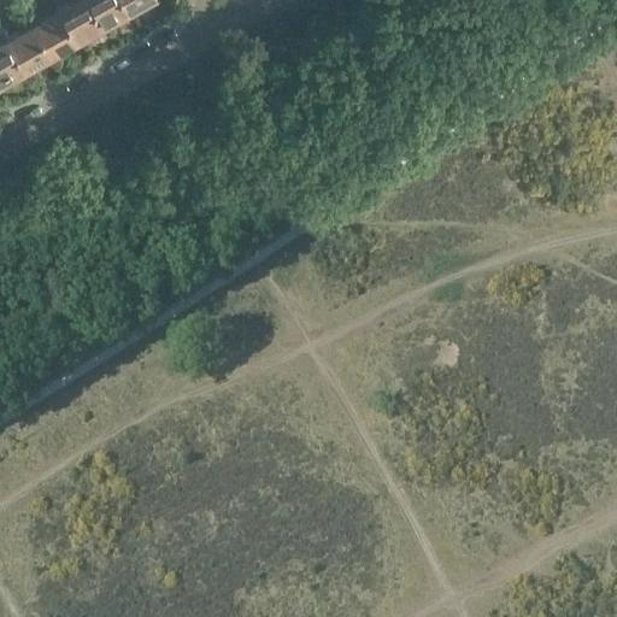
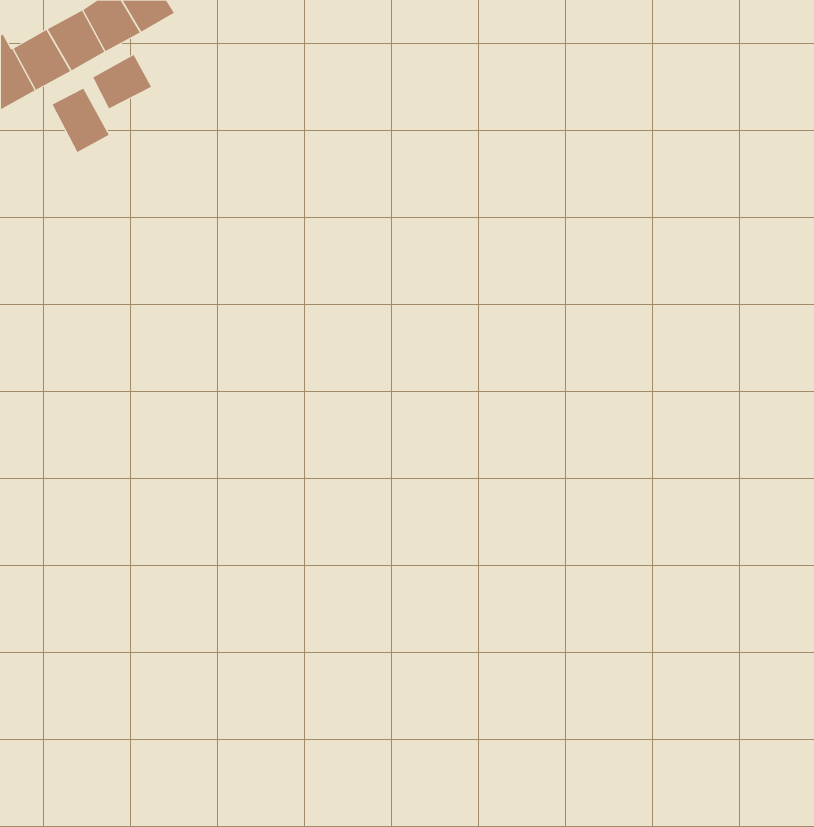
building: none -> [92,54,152,109]
building: none -> [52,88,110,153]

